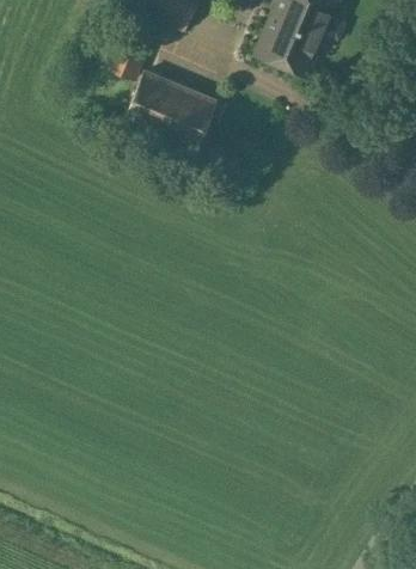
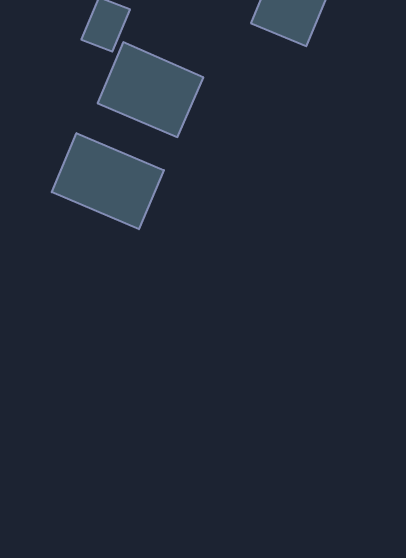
building: none -> [52,133,164,229]

